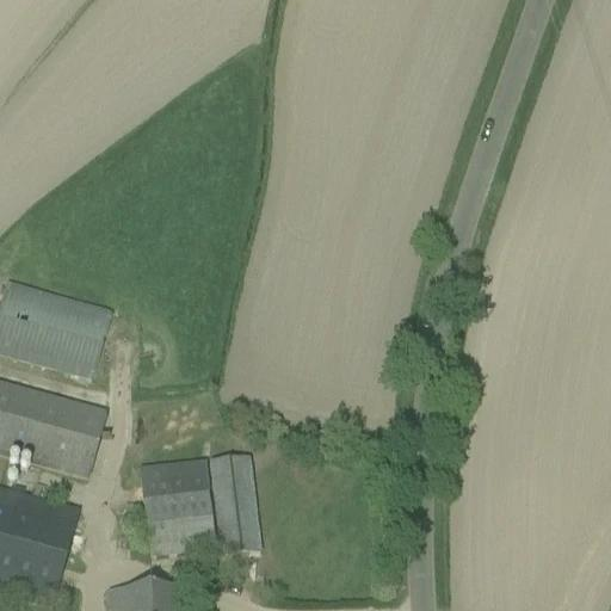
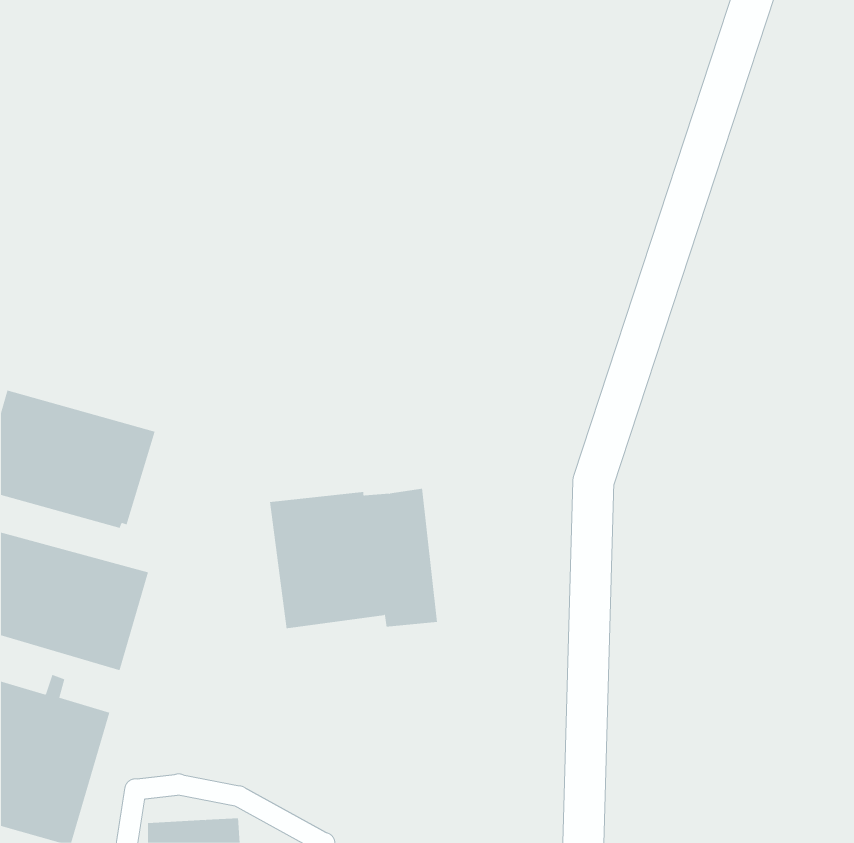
building: [137,455,258,555] -> [269,488,438,629]

